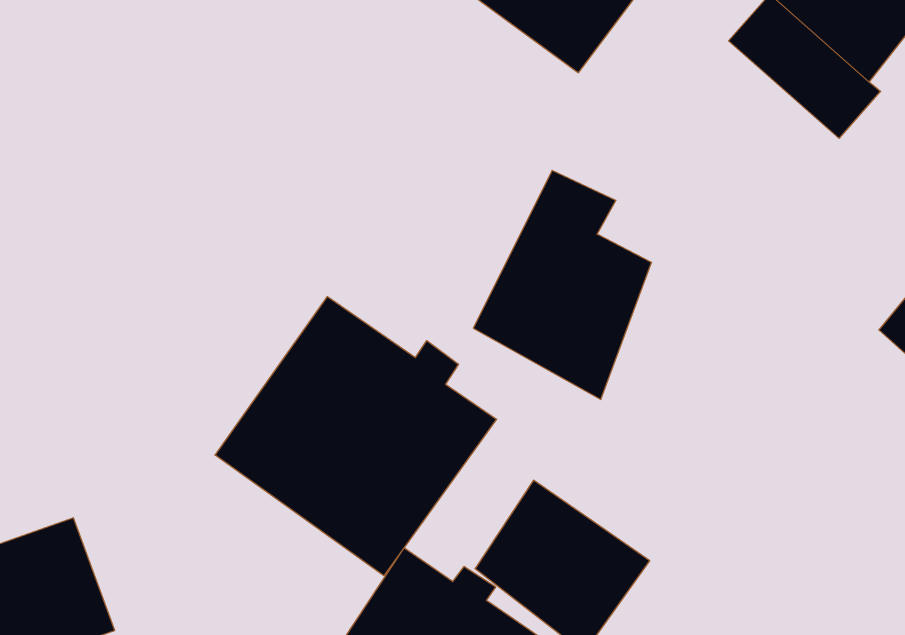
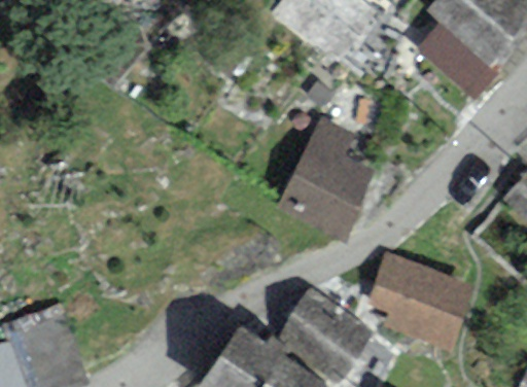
building: [215,297,497,576] -> none
building: none -> [366,251,476,349]

